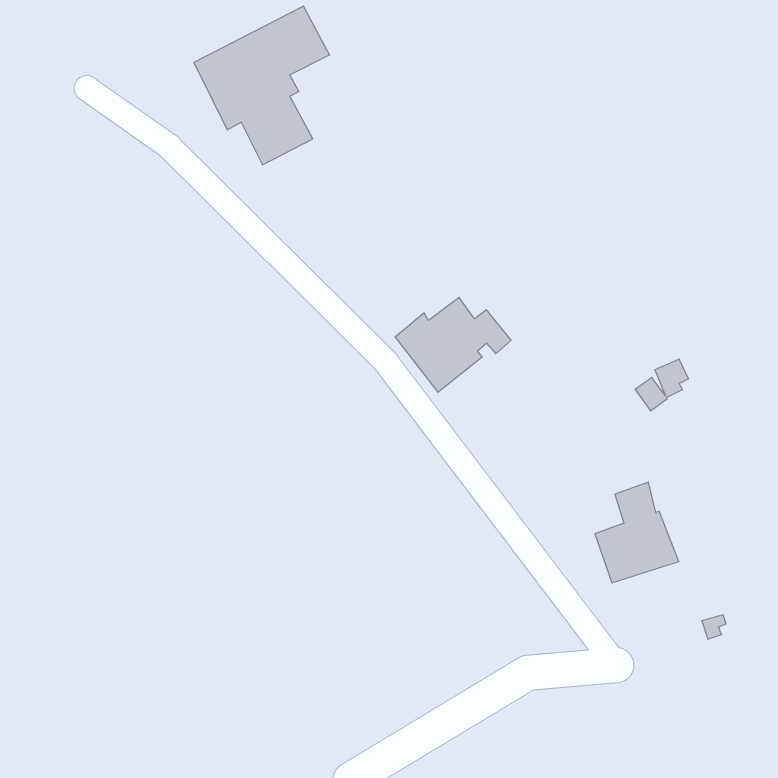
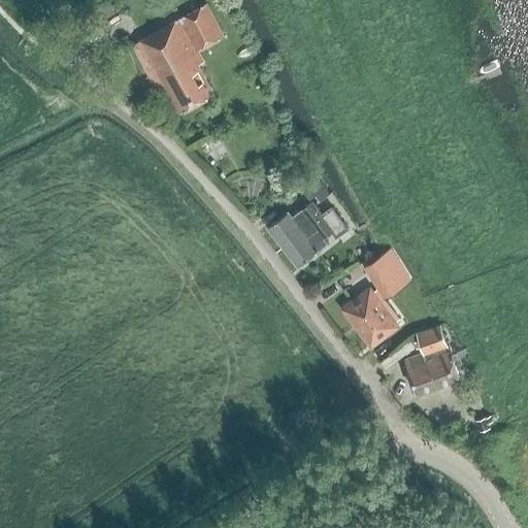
building: [635,359,688,411] -> [367,255,403,290]
building: none -> [342,288,397,345]

